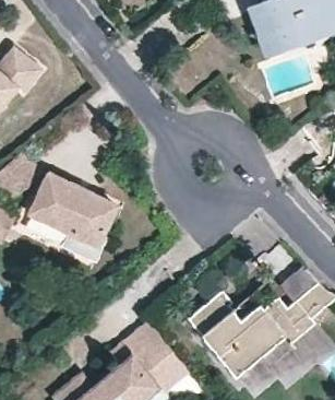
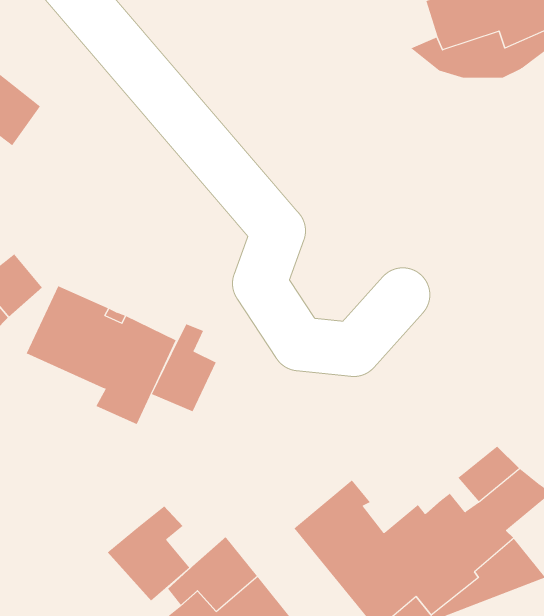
building: none -> [151,323,216,412]
building: none -> [107,506,190,601]

